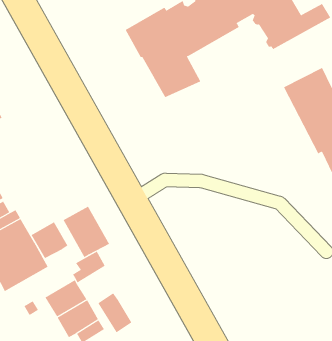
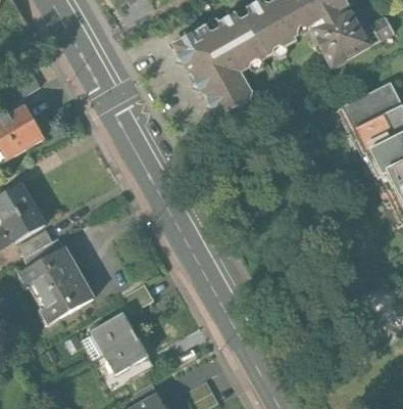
building: [63,206,110,258] -> none
building: [31,221,68,259] -> none
building: [97,292,132,333] -> none

